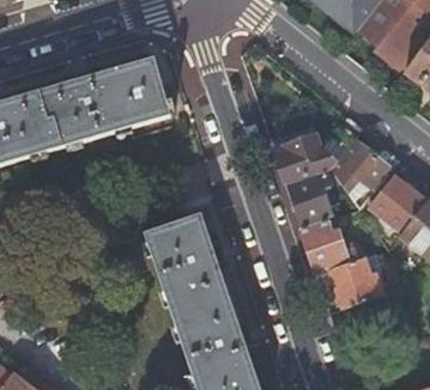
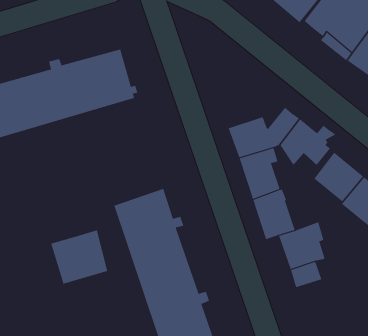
building: none -> [51,229,108,285]

